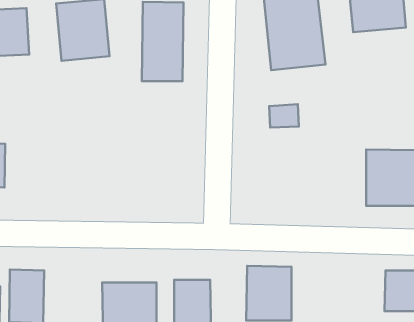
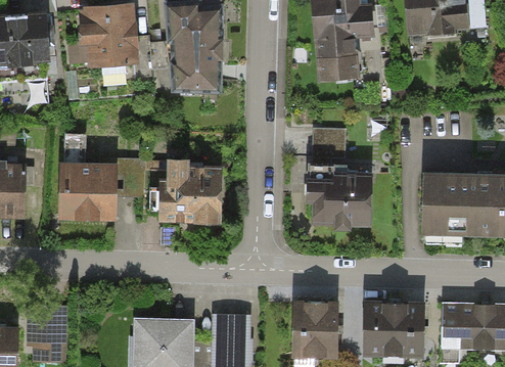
building: none -> [56,160,117,217]
building: none -> [154,167,222,222]
building: none -> [307,173,372,226]
building: none -> [363,303,426,358]

